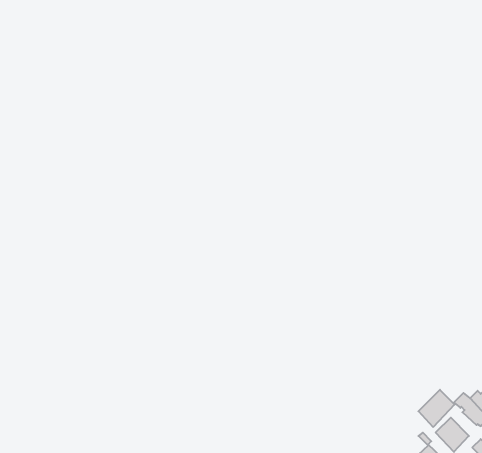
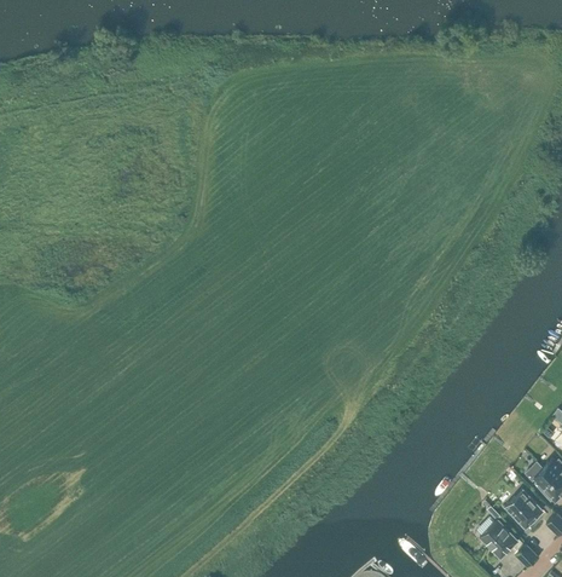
building: [418,390,455,427] -> none

